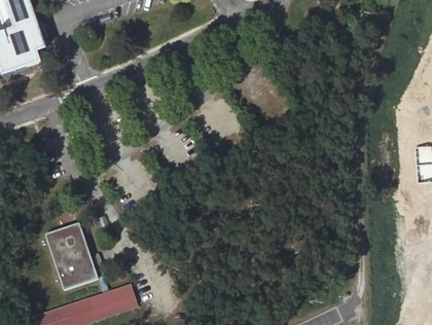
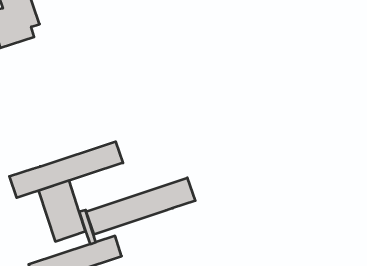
building: none -> [9,142,123,198]
building: none -> [86,178,195,234]

